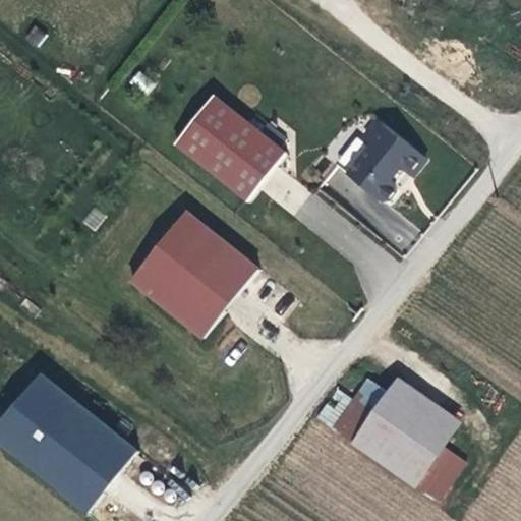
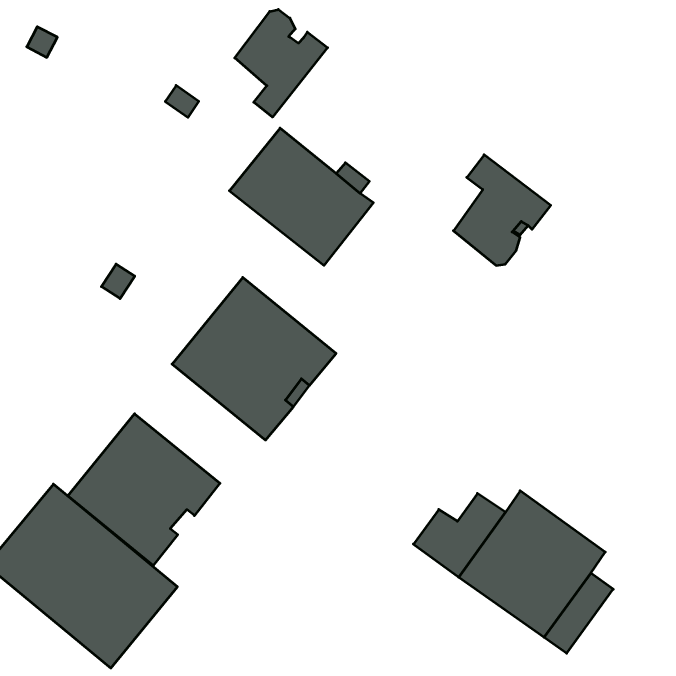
building: none -> [235,9,328,117]
building: none -> [68,414,220,565]

